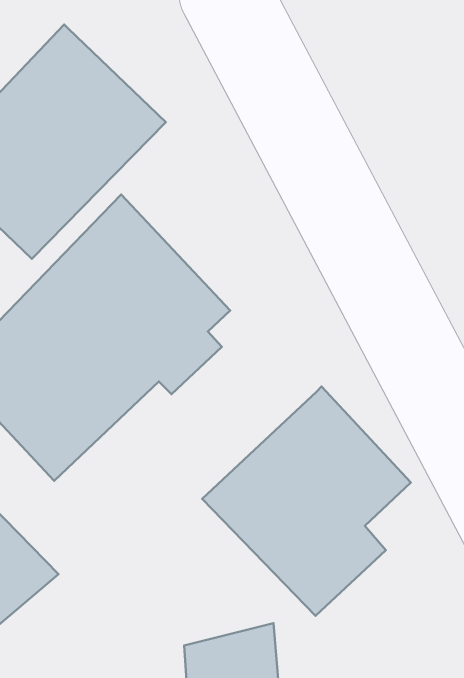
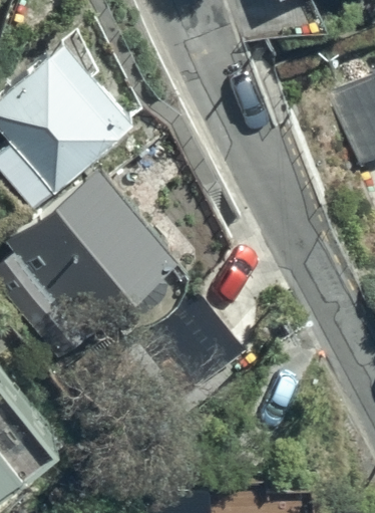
building: [202,387,411,616] -> none

